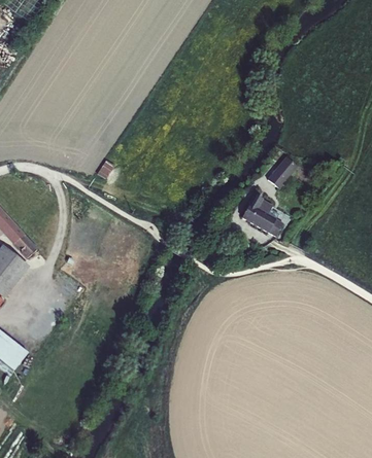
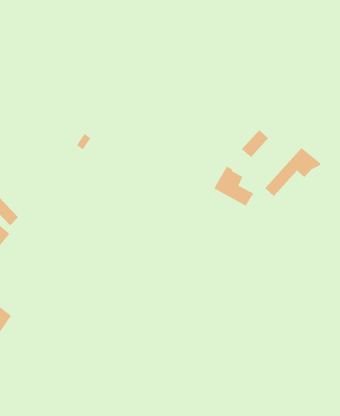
building: none -> [265,147,322,197]

